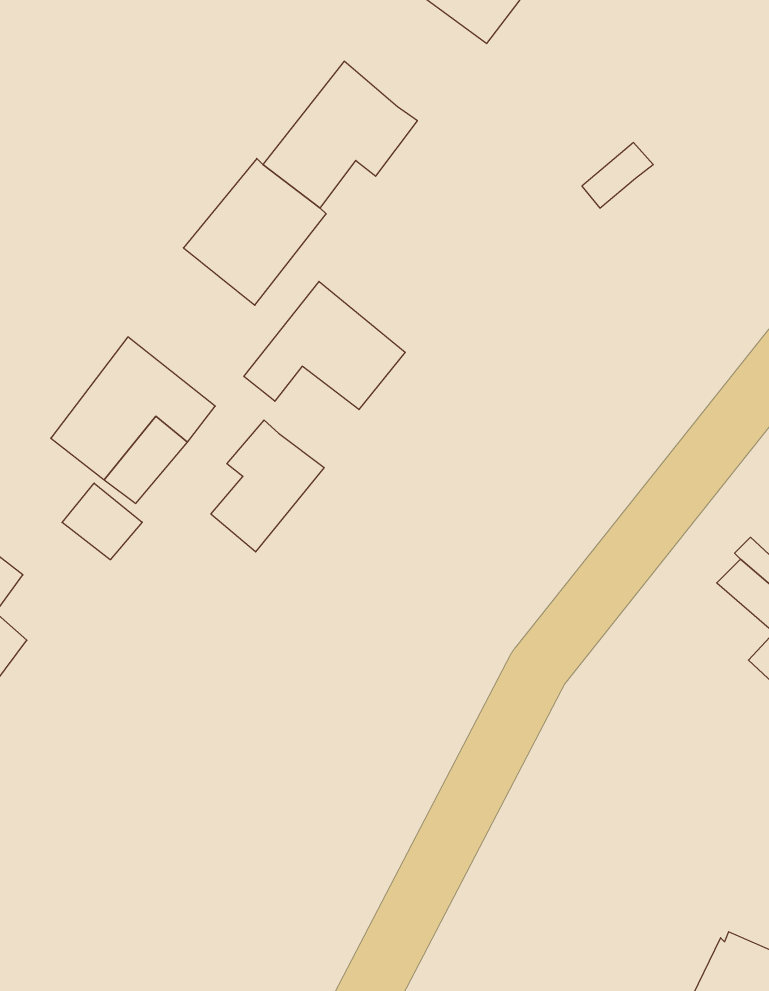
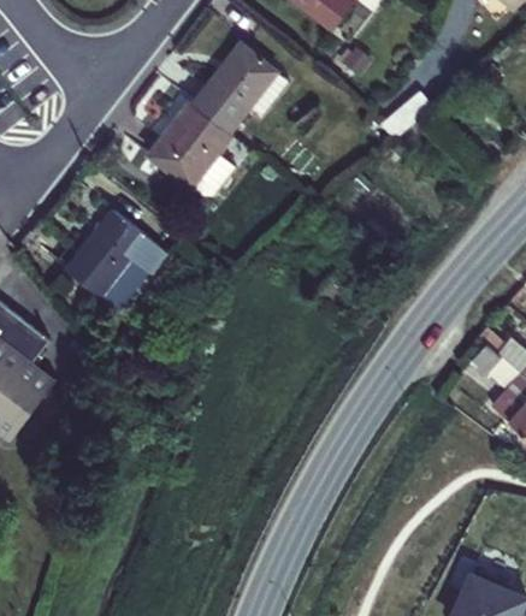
building: [244,281,405,410] -> none
building: [211,420,324,552] -> none
building: [62,483,142,560] -> none

